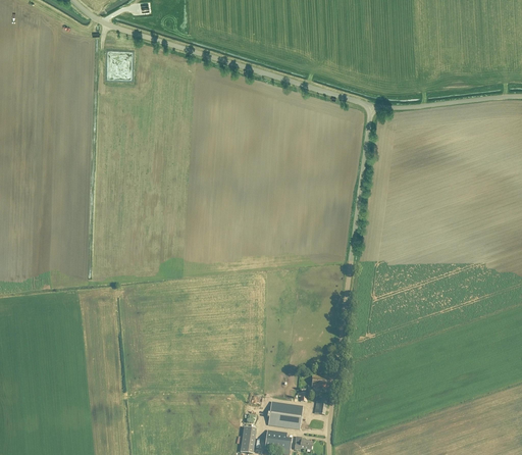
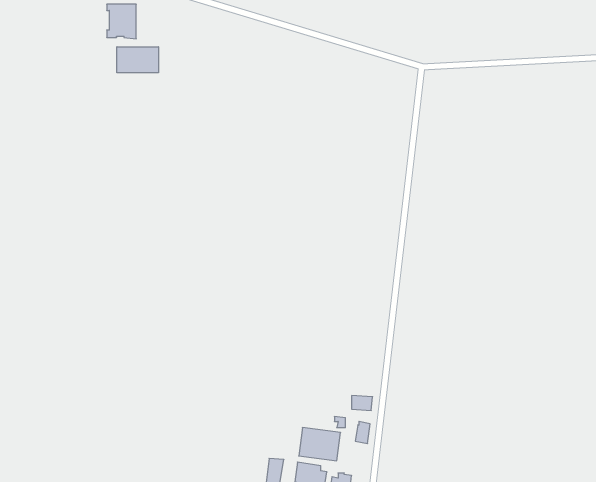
building: none -> [117,47,158,73]

